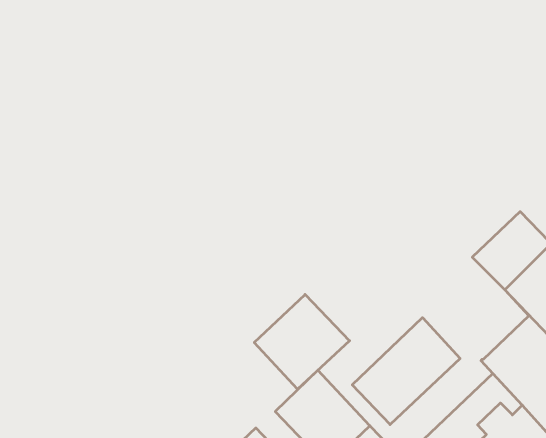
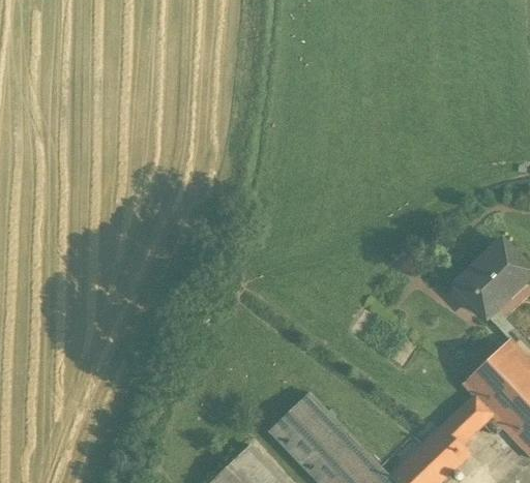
building: [254,294,350,389] -> none
building: [352,318,460,425] -> none

